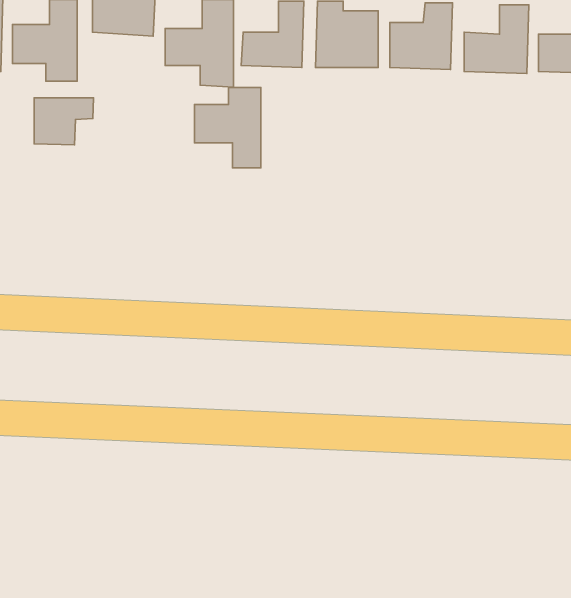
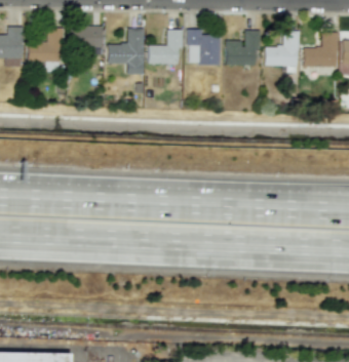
building: [194,87,261,168] -> none
building: [34,98,94,145] -> none

